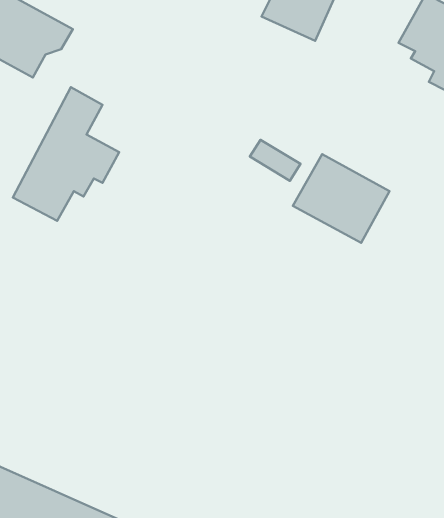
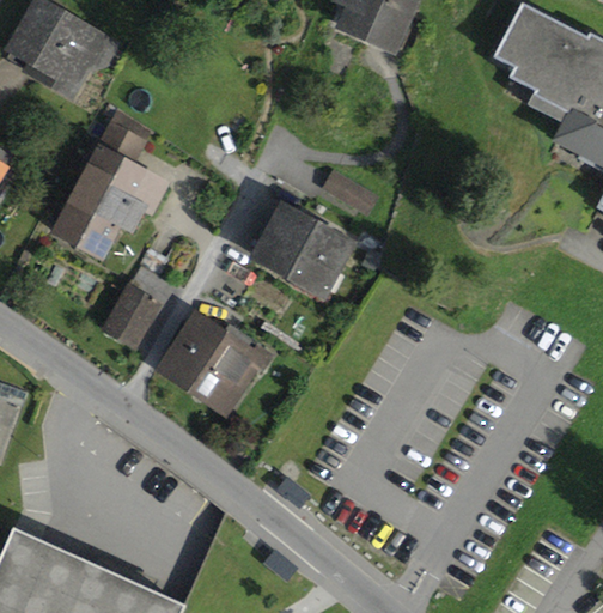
building: [293,154,390,243] -> [249,200,359,301]
building: none -> [99,263,176,352]
building: none -> [154,308,276,417]

